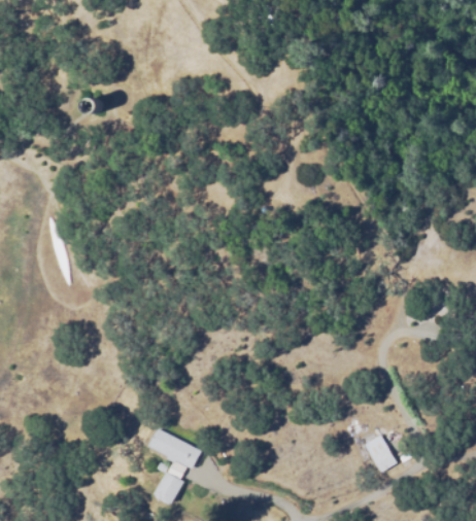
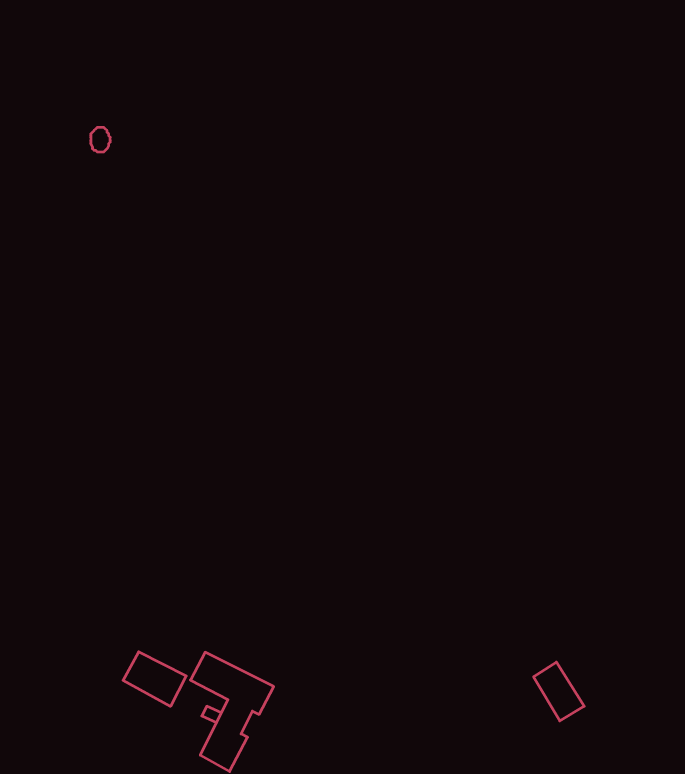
building: none -> [123,652,186,706]

